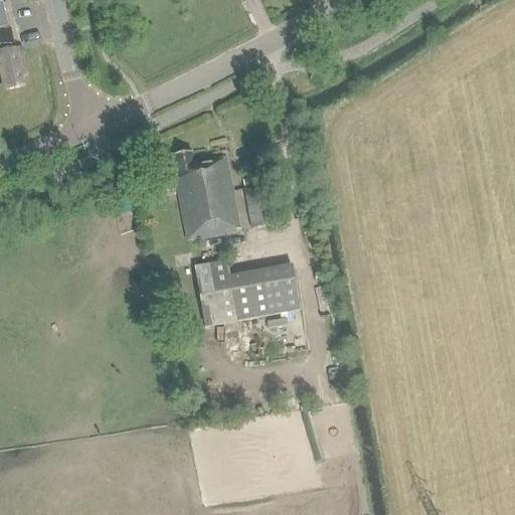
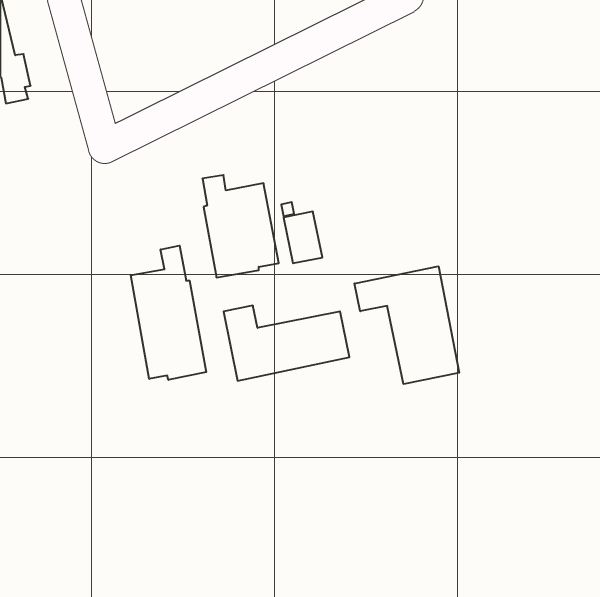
building: none -> [131,246,206,380]
building: none -> [354,266,459,384]

